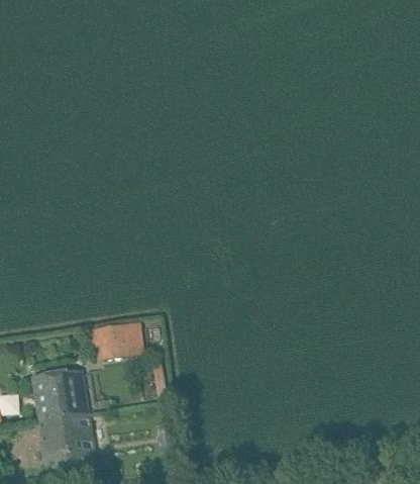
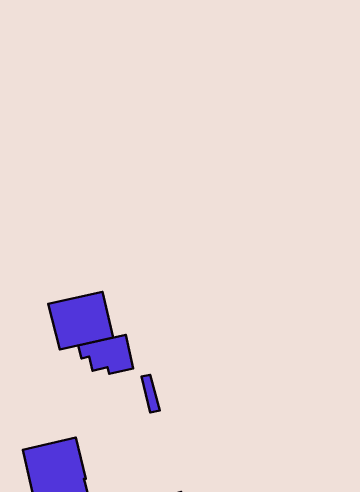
building: [30,368,87,417] -> [48,292,113,350]

